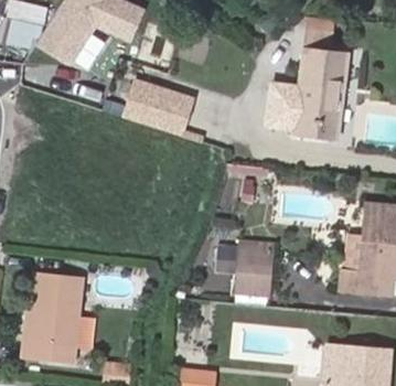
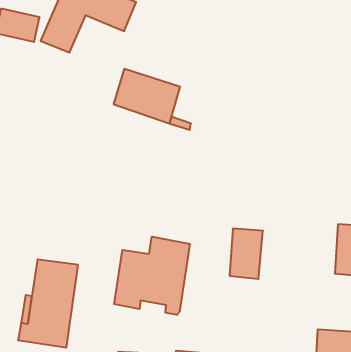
building: [268,28,347,138] -> none
building: none -> [114,237,190,315]

